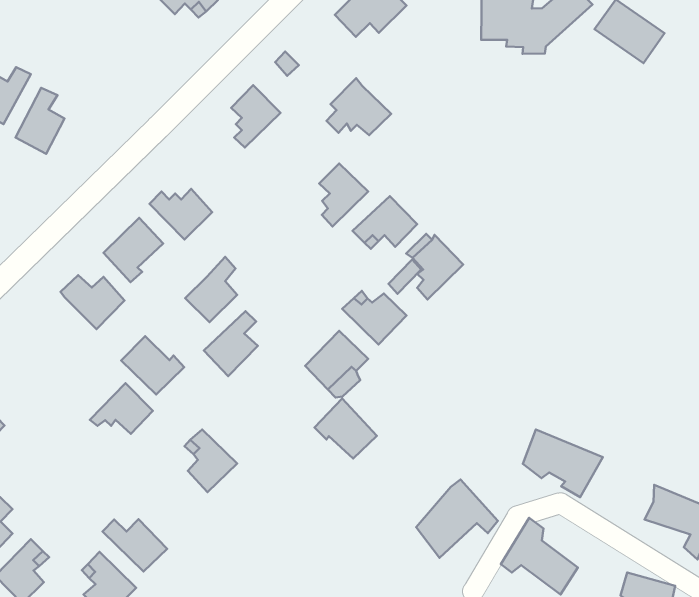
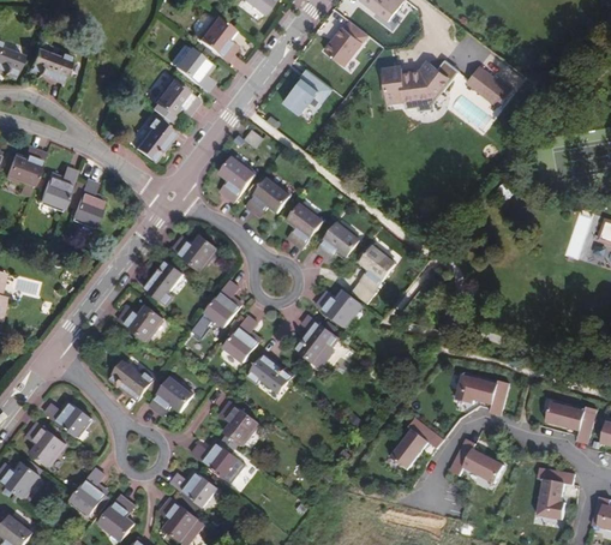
building: none -> [136,116,175,161]
building: [326,78,391,135] -> [246,174,290,214]
building: [121,336,184,395] -> [110,360,155,400]
building: [314,398,377,459] -> [247,354,292,395]
building: none -> [191,441,236,478]

